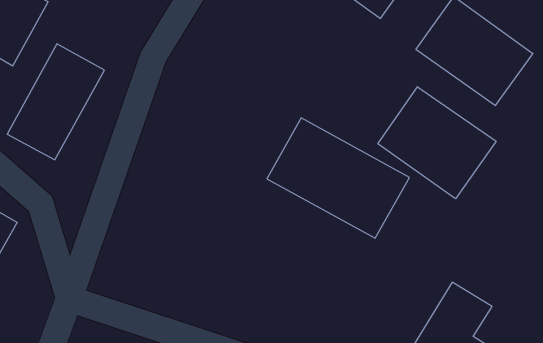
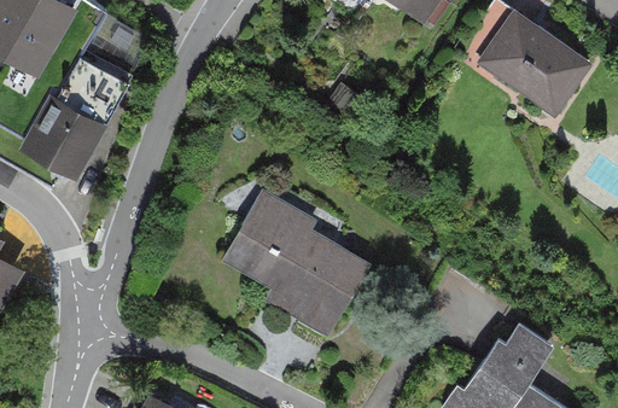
building: [378,87,496,199] -> none
building: [267,118,409,238] -> [216,194,372,326]

